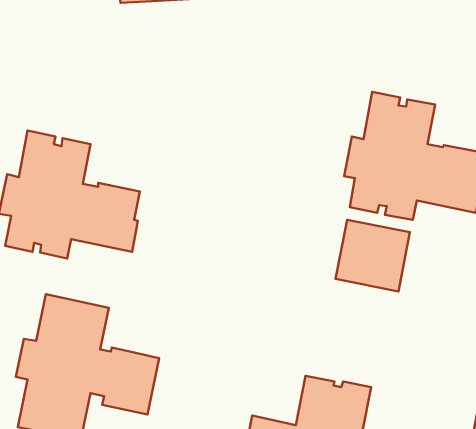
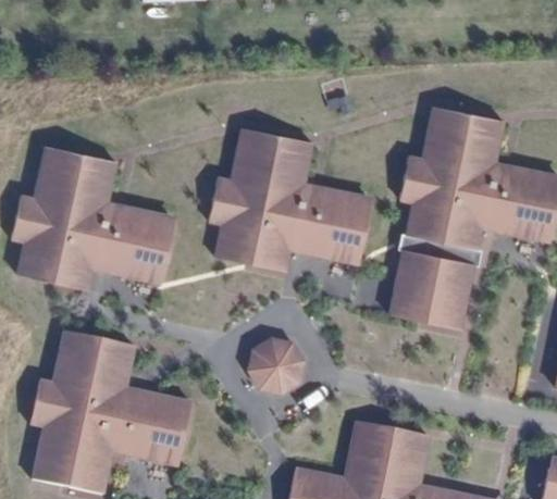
building: none -> [209,128,368,271]
building: none -> [403,232,476,262]
building: none -> [250,340,302,389]

